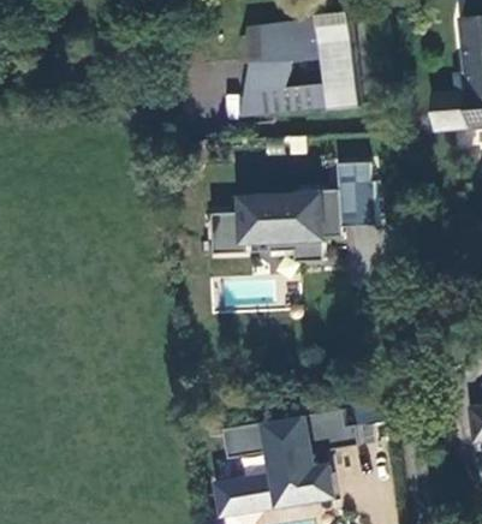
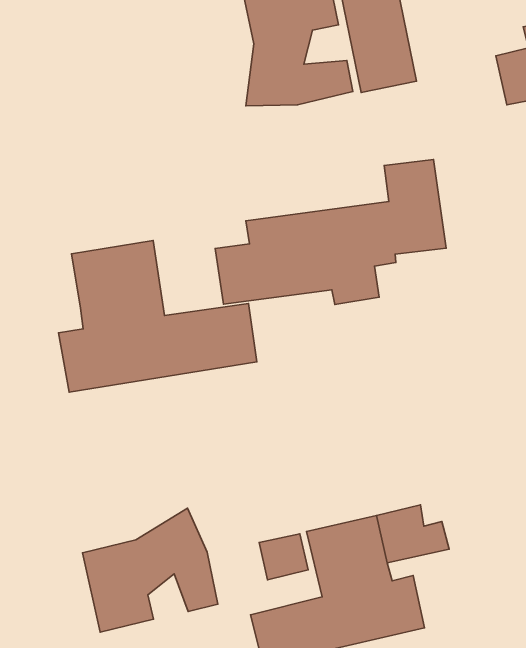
building: none -> [58,241,257,392]
building: none -> [83,508,218,632]

